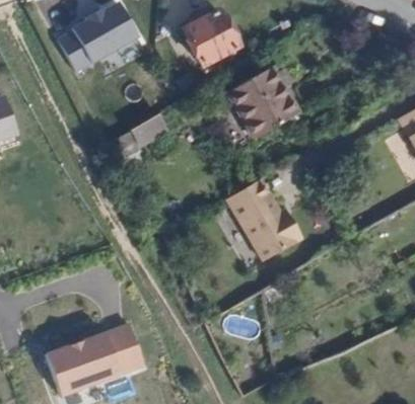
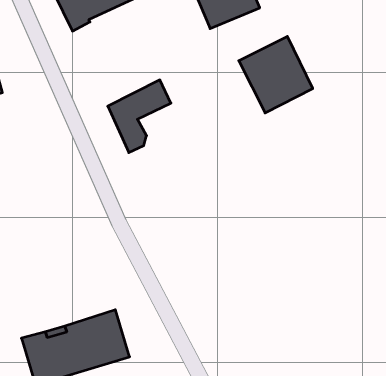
building: [228,178,304,260] -> none

